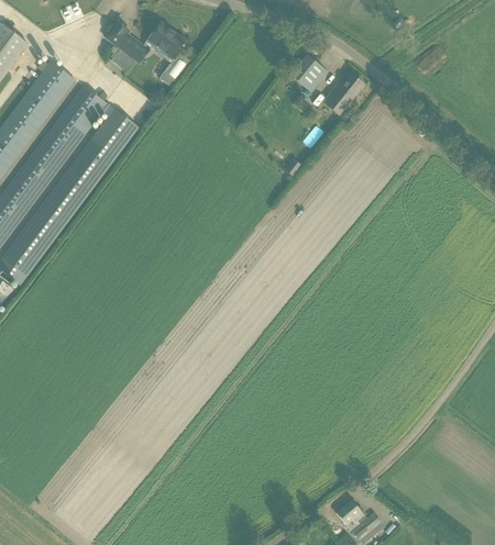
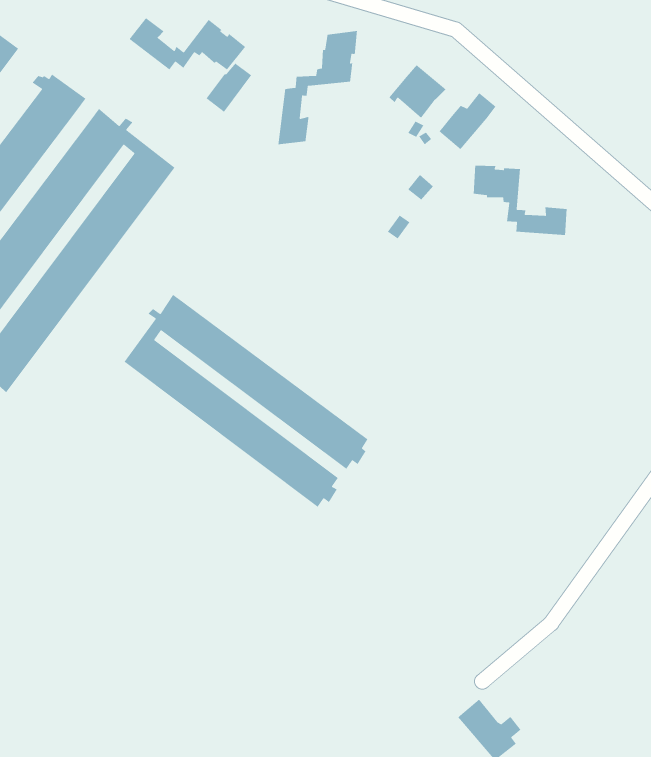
building: none -> [277,30,358,145]
building: none -> [473,165,568,236]
building: none -> [123,294,369,508]

